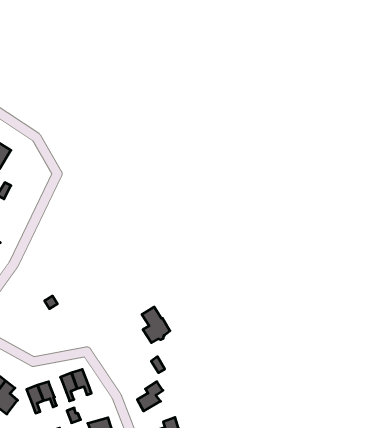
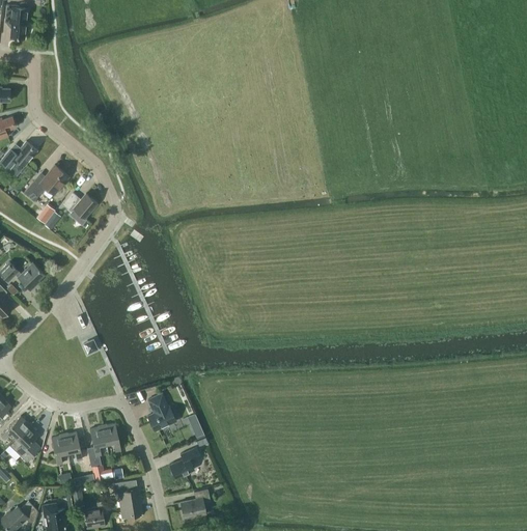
building: none -> [62,193,96,225]
building: [142,307,170,343] -> [146,393,175,431]

